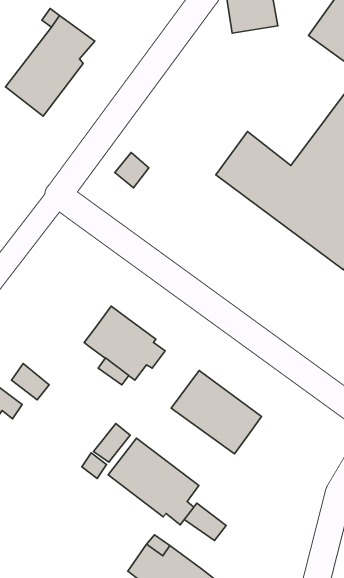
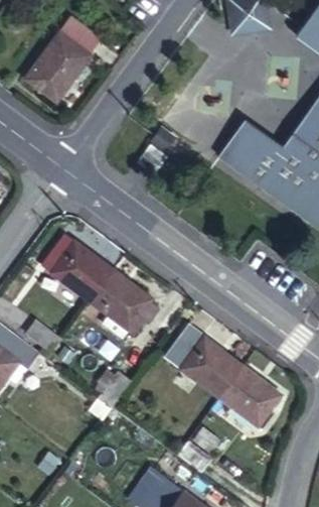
building: none -> [43,234,116,300]
building: none -> [221,364,284,424]
building: [108,438,199,525] -> none

